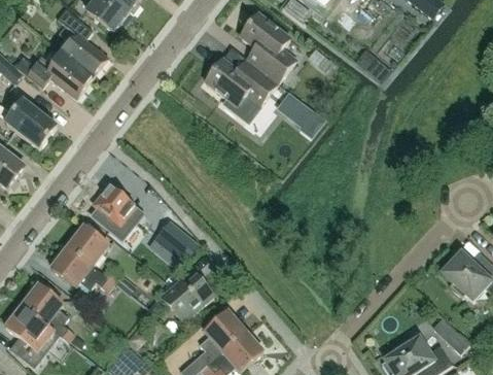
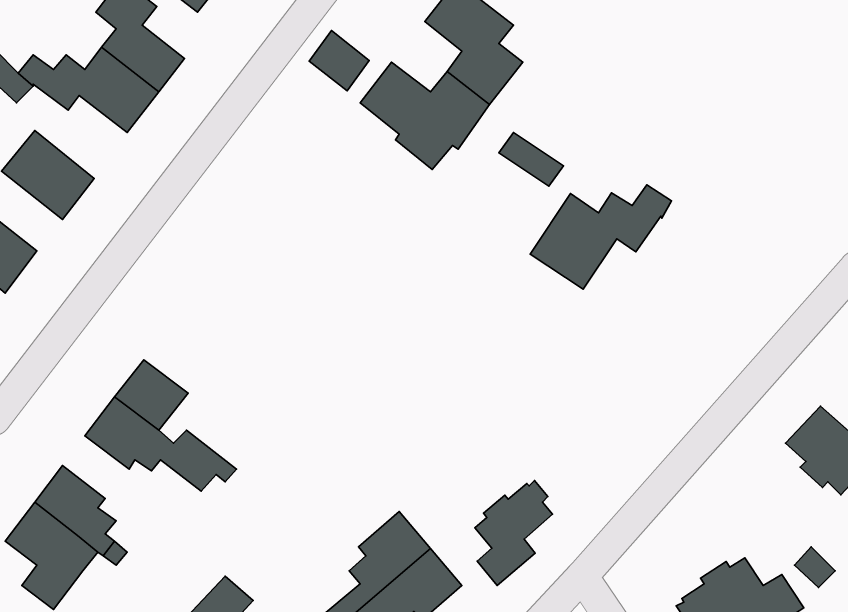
building: none -> [309,31,369,91]
building: none -> [530,185,671,289]
building: [90,183,144,239] -> none
building: [157,221,199,259] -> none
building: [160,274,214,320] -> none
building: none -> [475,480,553,586]

